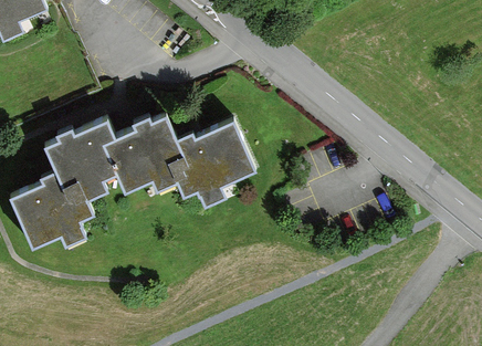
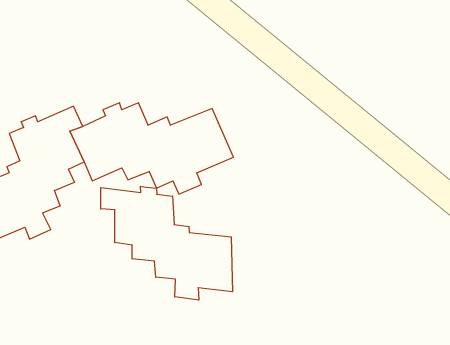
building: none -> [101,186,232,300]

